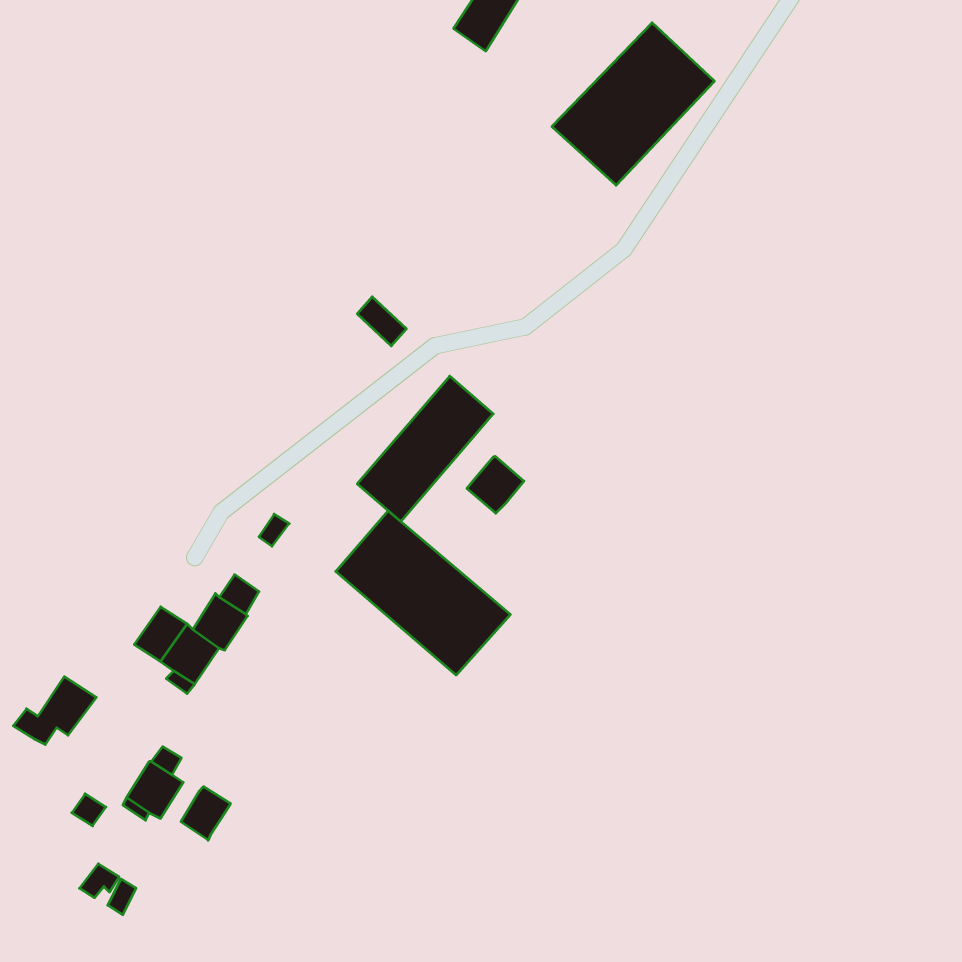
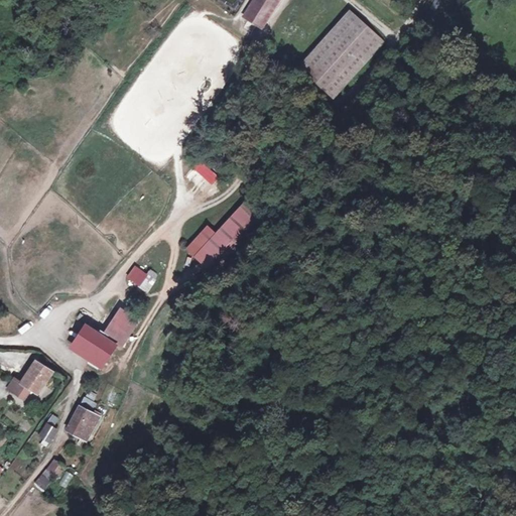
building: [467,456,524,513] -> none
building: [336,511,510,675] -> none
building: [181,787,230,840] -> none

